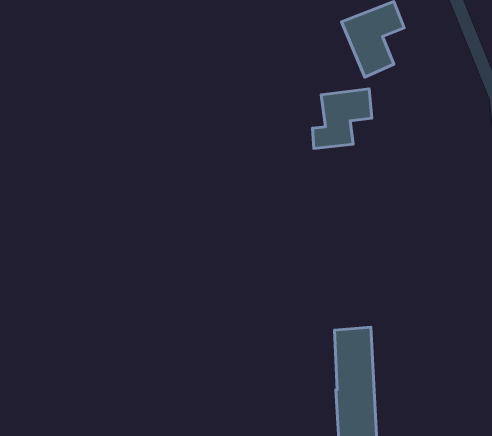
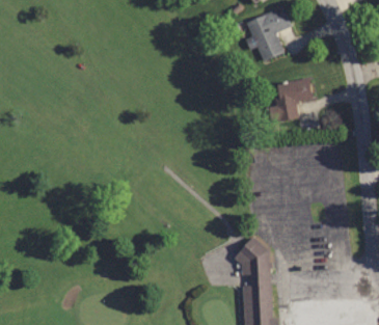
building: [312,89,372,149] -> [270,79,313,121]

